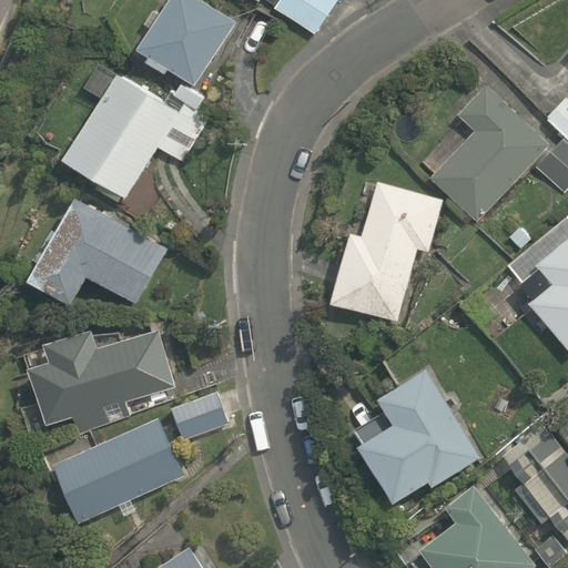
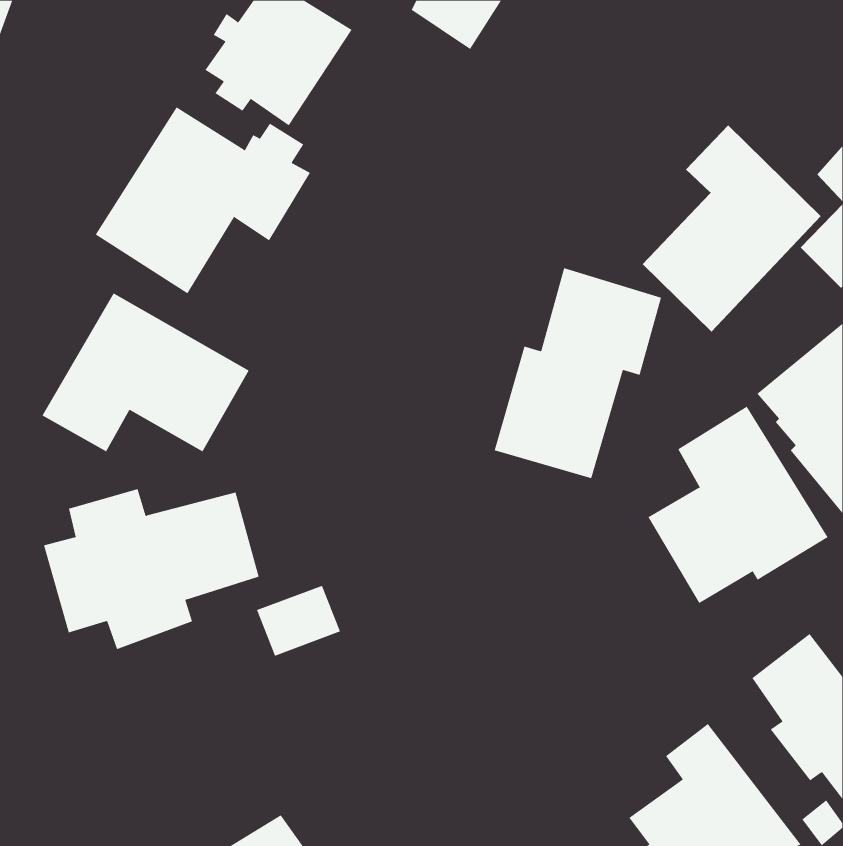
building: [358,369,479,501] -> [647,406,829,604]
building: [51,417,185,524] -> none

